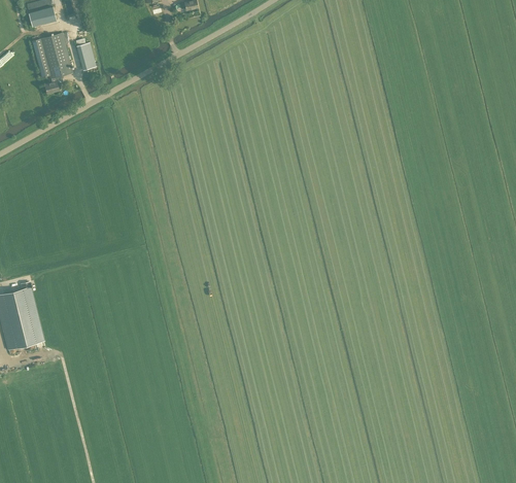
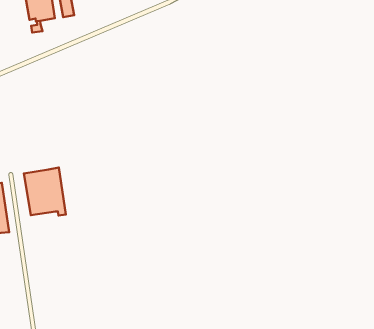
building: none -> [24,168,66,215]

